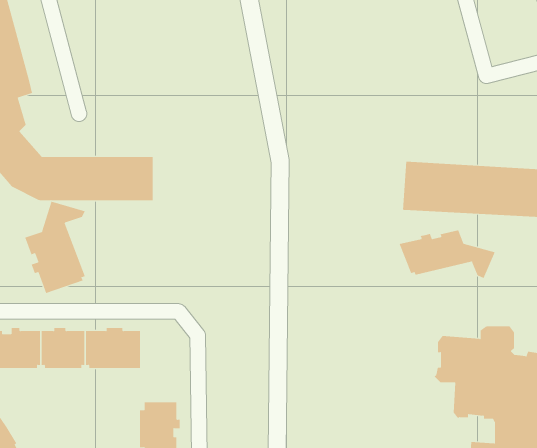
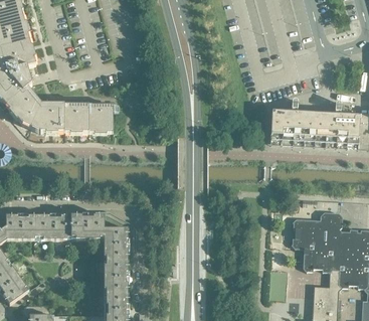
building: [25,201,86,294] -> none
building: [399,229,495,279] -> none
building: none -> [104,226,130,260]

